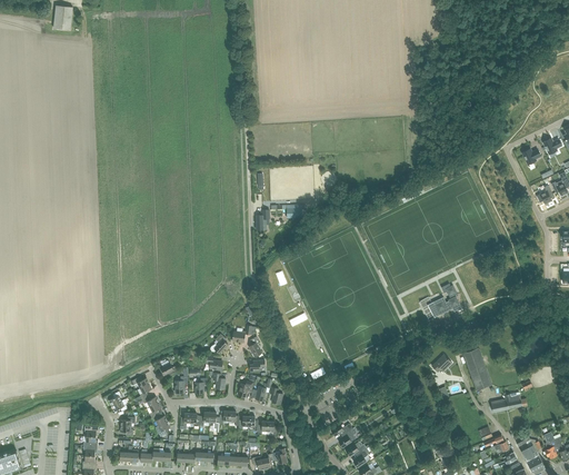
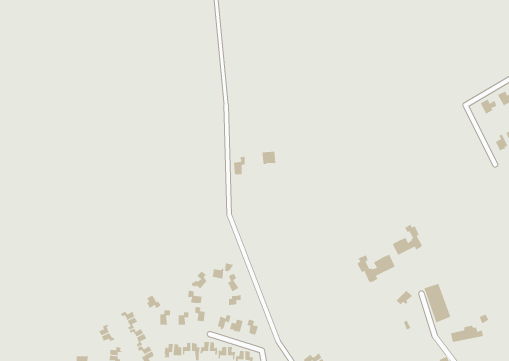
building: none -> [356,254,395,283]

